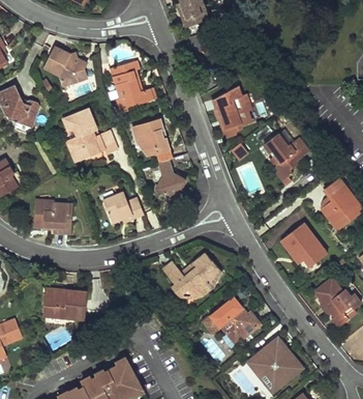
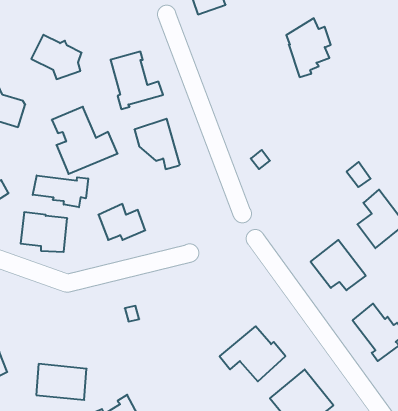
building: [214,89,252,140] -> [286,18,331,77]
building: [268,131,313,184] -> none
building: [155,159,185,199] -> none
building: none -> [33,175,88,207]
building: [163,252,223,300] -> none
building: [42,289,86,320] -> [36,364,87,400]

